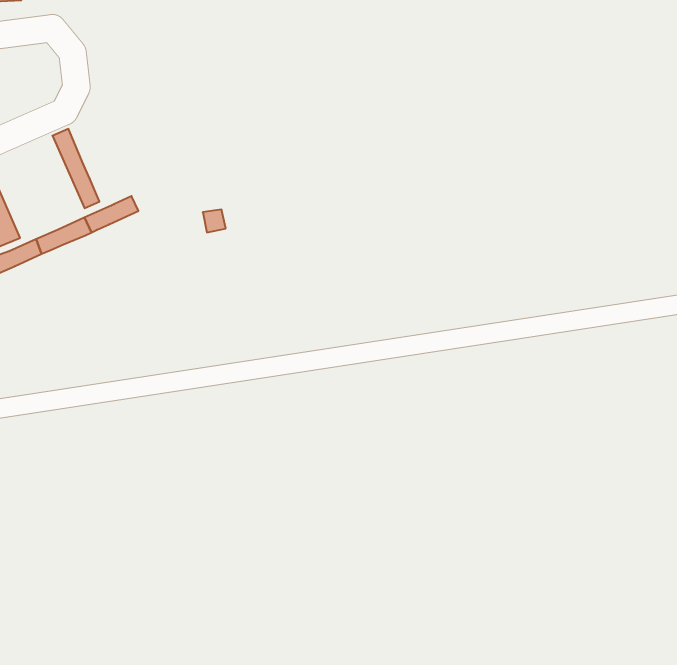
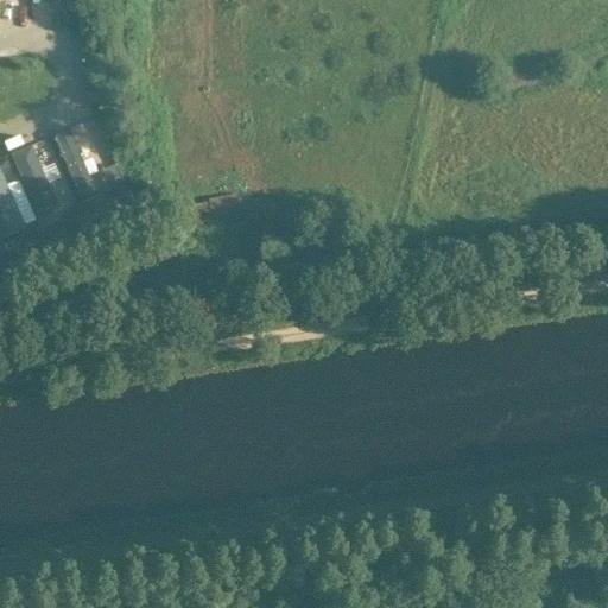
building: none -> [5,128,49,196]

